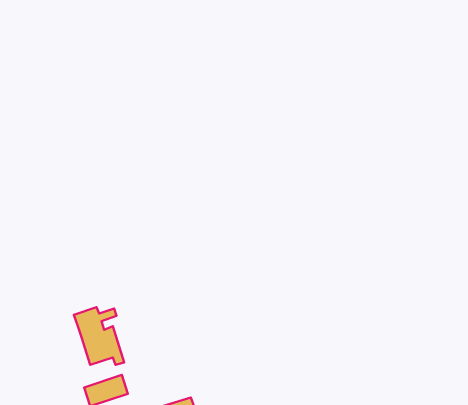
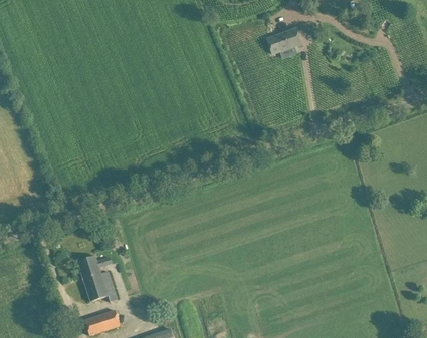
building: none -> [266,28,301,54]

